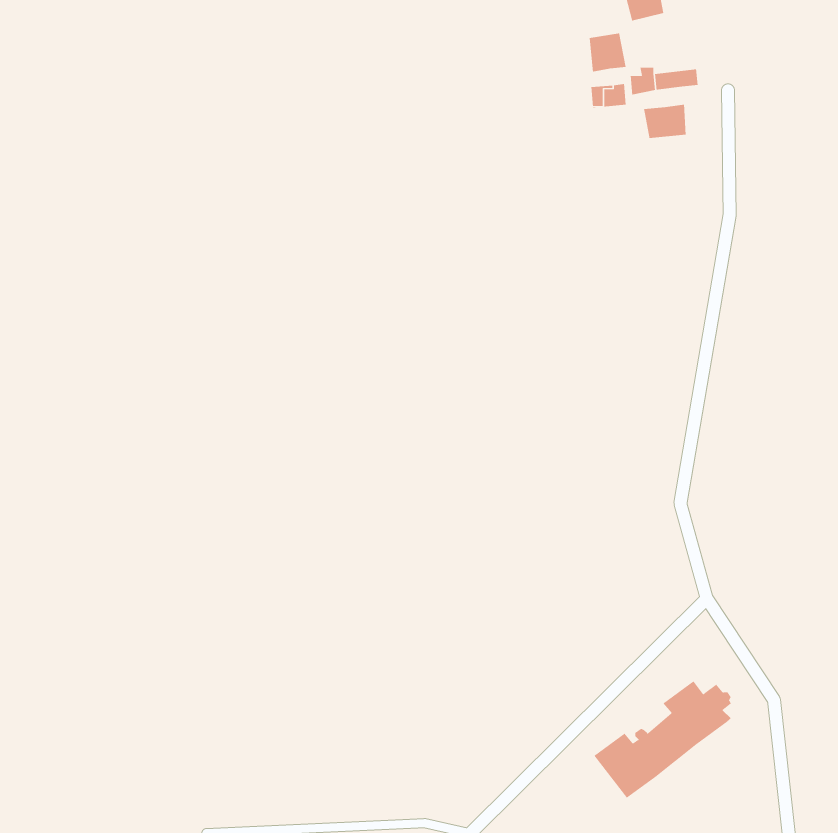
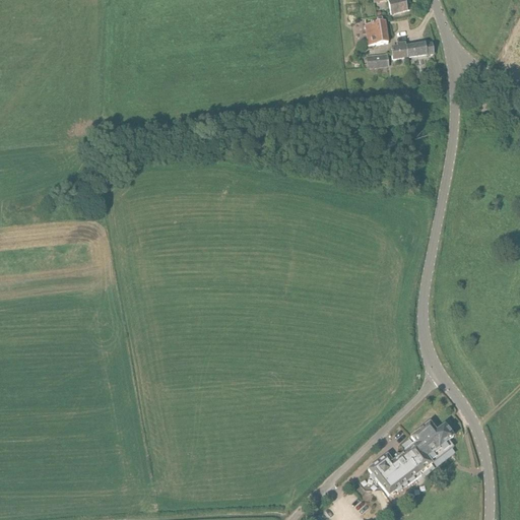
building: [644,104,686,139] -> none

